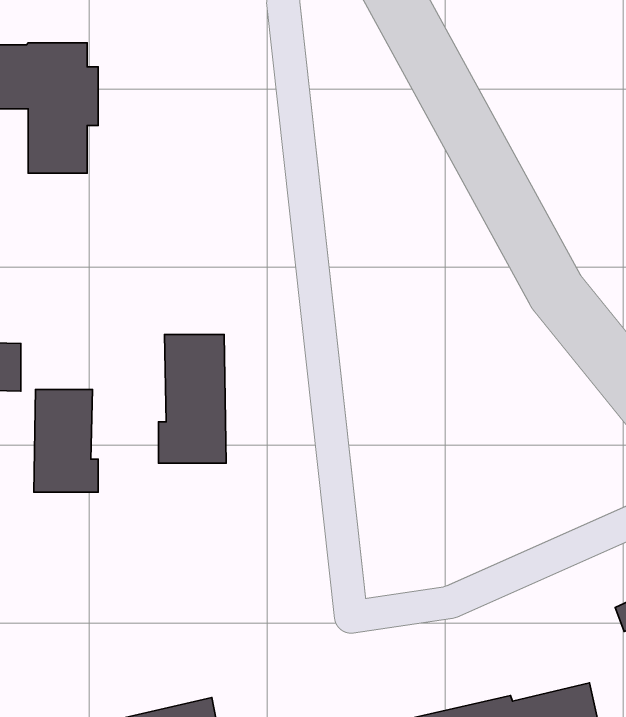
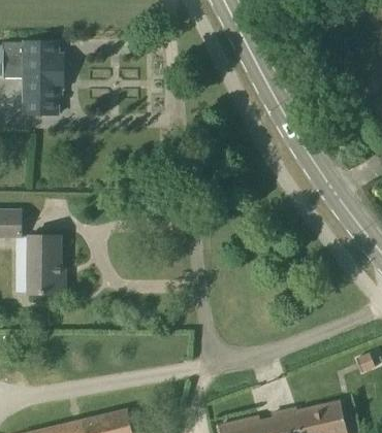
building: [159,334,226,463] -> none

